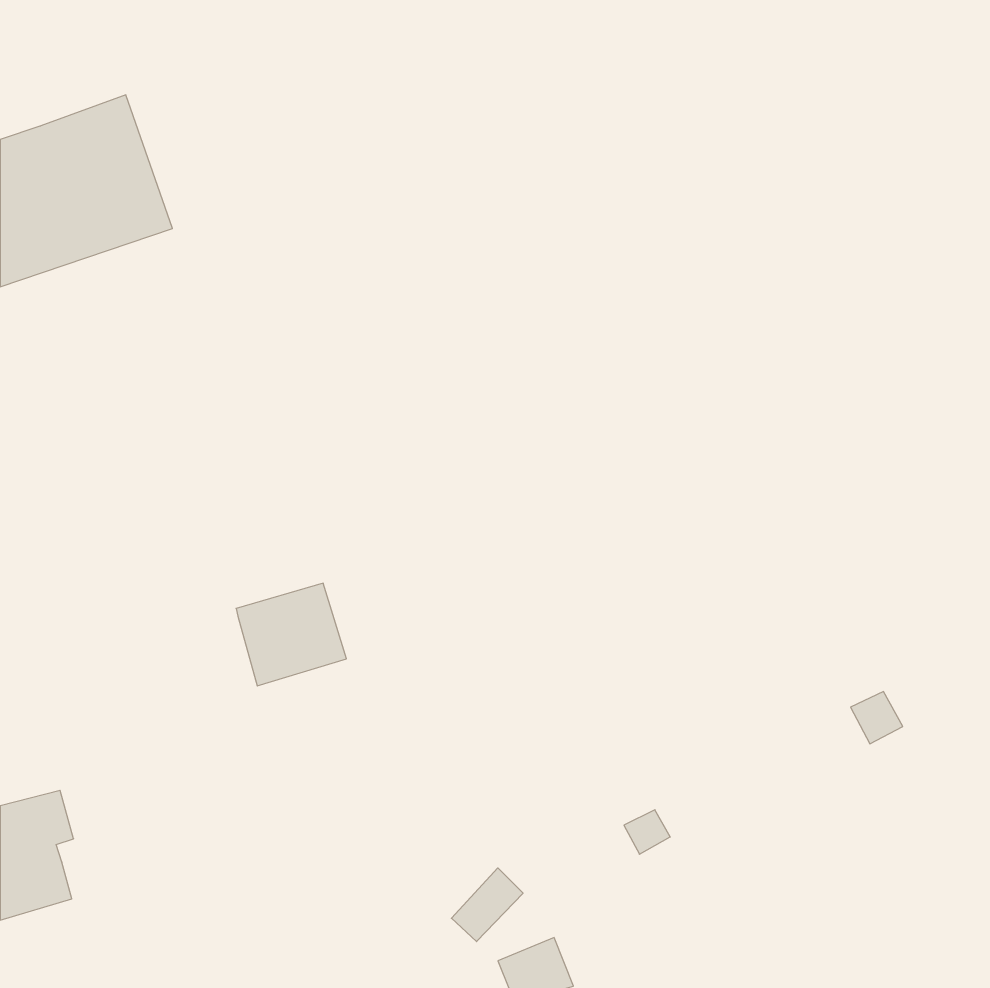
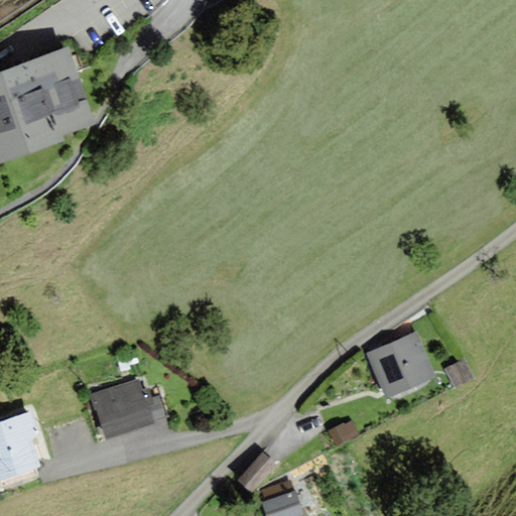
building: [236,583,346,686] -> [94,383,151,436]
building: none -> [371,337,432,395]

